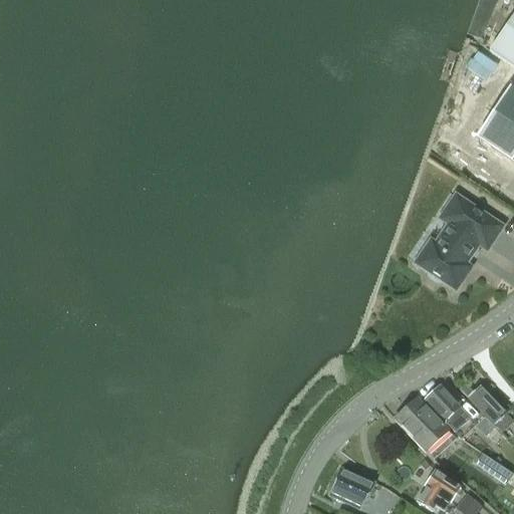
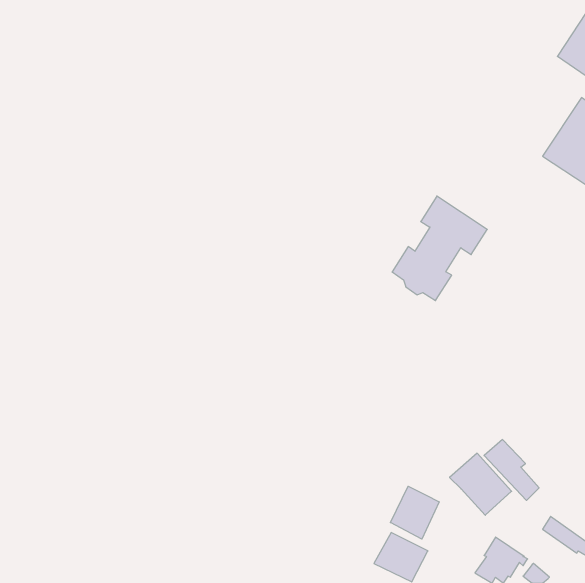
building: [418,196,501,287] -> [392,196,487,301]
building: [463,383,506,423] -> none
building: none -> [390,486,439,539]

